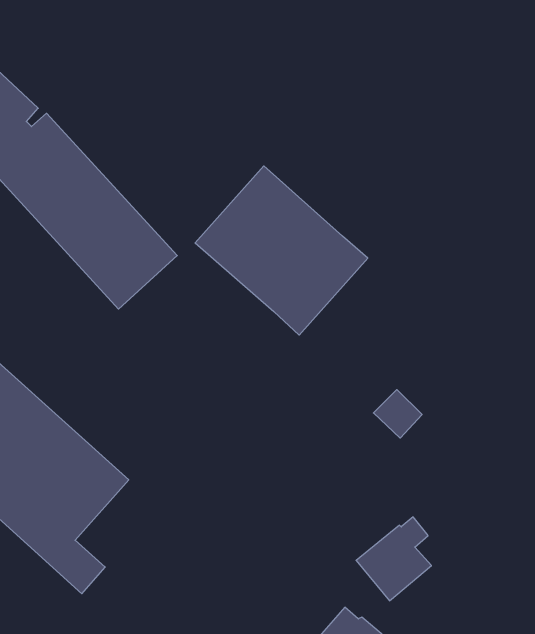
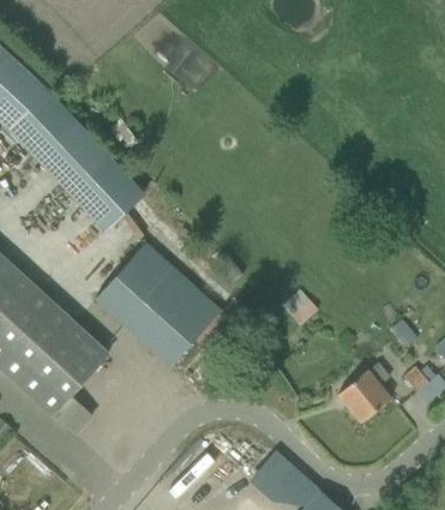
building: [195,166,368,335] -> [96,245,220,366]
building: [356,517,431,601] -> [337,364,391,424]

